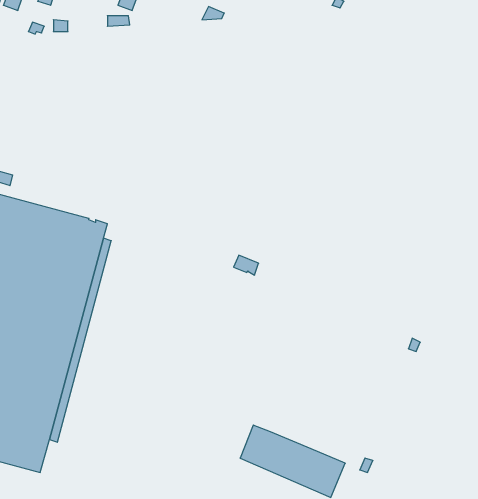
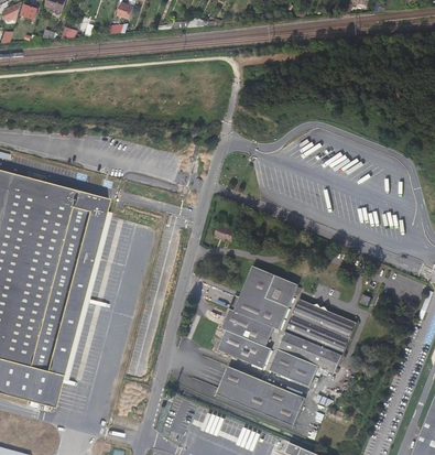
building: none -> [218,264,298,368]
building: none -> [270,297,358,387]

